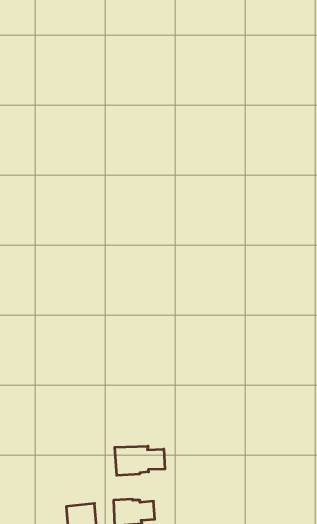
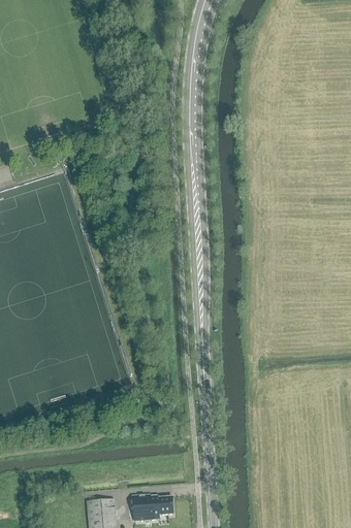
building: [115,446,165,475] -> none

